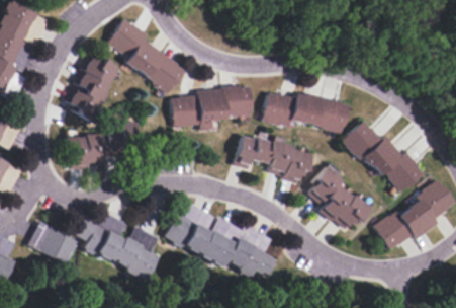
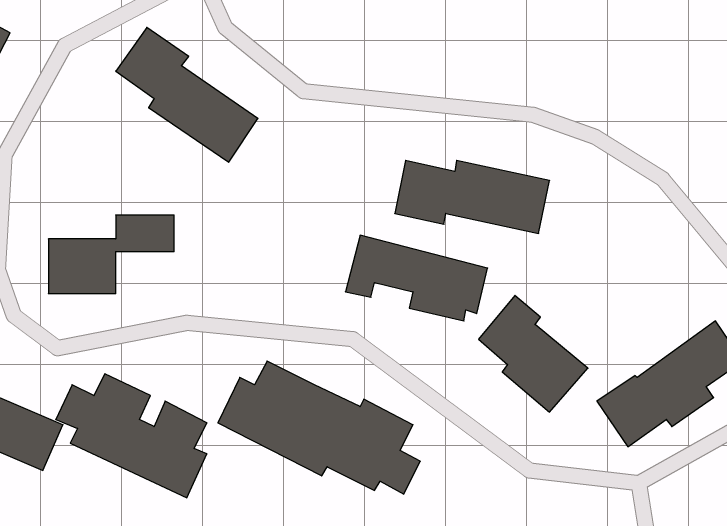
building: [66,57,120,119] -> none
building: [172,86,252,130] -> none
building: [344,120,424,191] -> none

